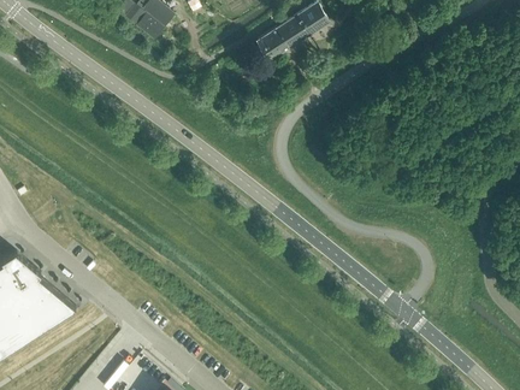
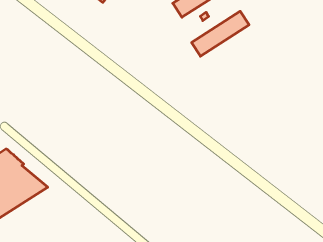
building: none -> [192,11,249,56]

